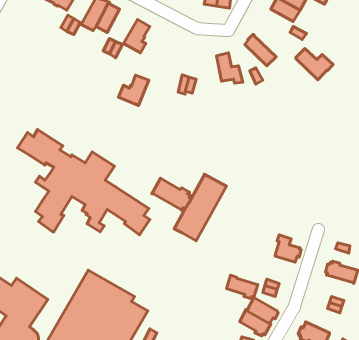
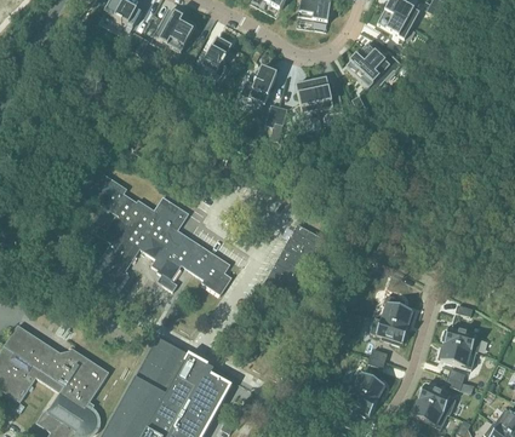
building: [296,48,333,80] -> [356,42,401,80]
building: none -> [294,79,319,119]
building: [118,75,149,105] -> [240,65,276,102]
building: [152,178,191,210] -> none
building: [227,275,258,299] -> [370,315,407,343]
building: none -> [437,341,475,367]
building: none -> [417,381,456,412]

